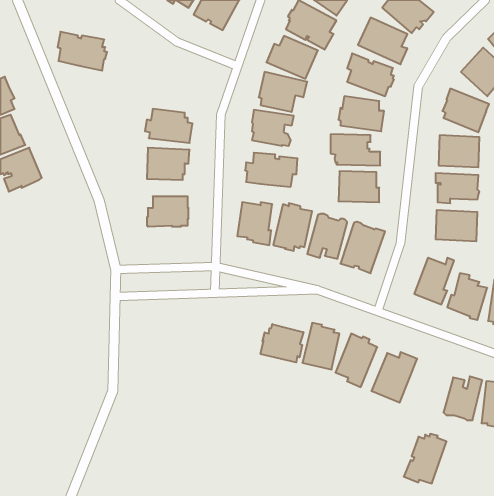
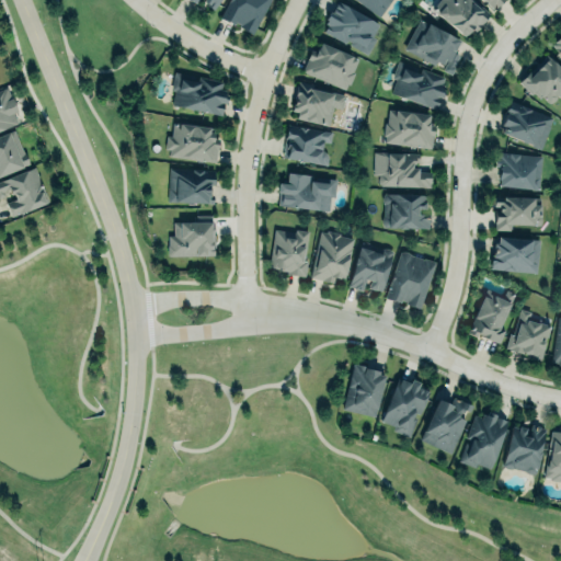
building: [58,32,107,71] -> [173,72,229,116]
building: [261,324,303,362] -> none
building: [404,434,447,483] -> [459,413,507,469]

